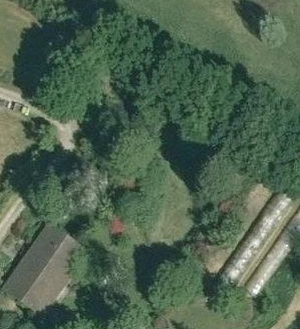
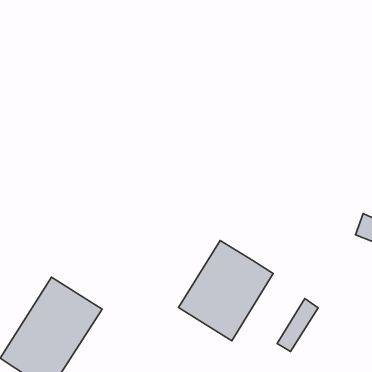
building: none -> [179,240,273,341]

